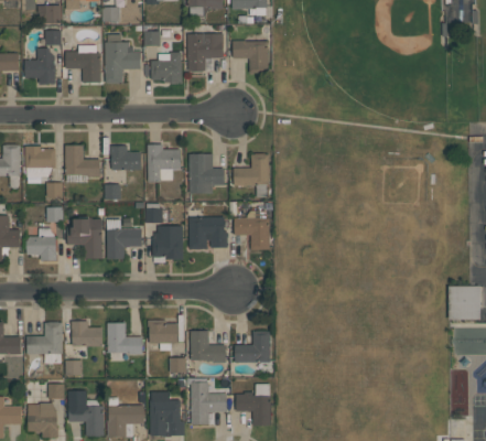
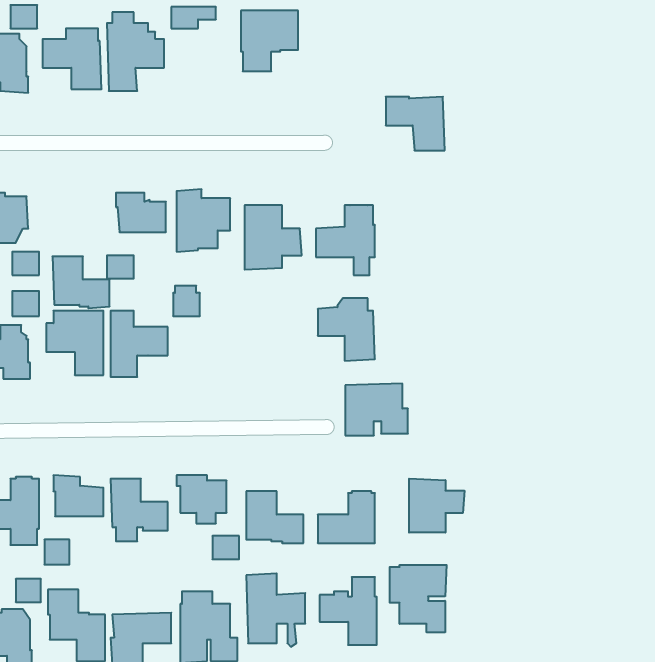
building: [233,40,269,73] -> [386,97,445,150]
building: [151,51,182,82] -> none
building: [65,144,100,176] -> [52,256,110,308]
building: [190,216,228,248] -> [345,384,408,435]
building: [152,225,183,262] -> none
building: none -> [409,479,464,533]
building: none -> [390,565,447,632]

